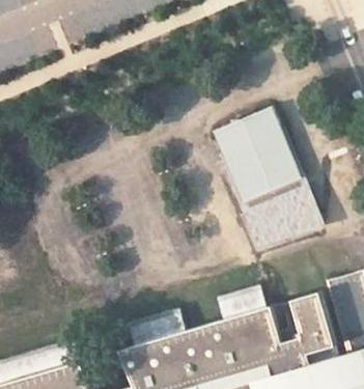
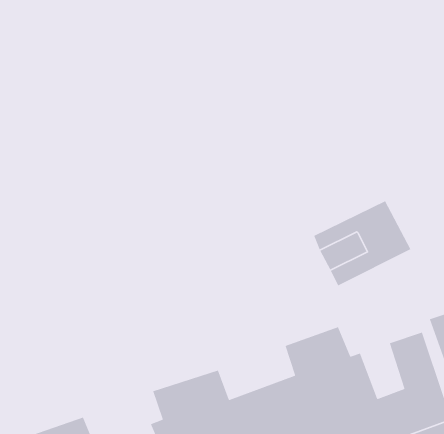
building: [216,117,303,213] -> none

